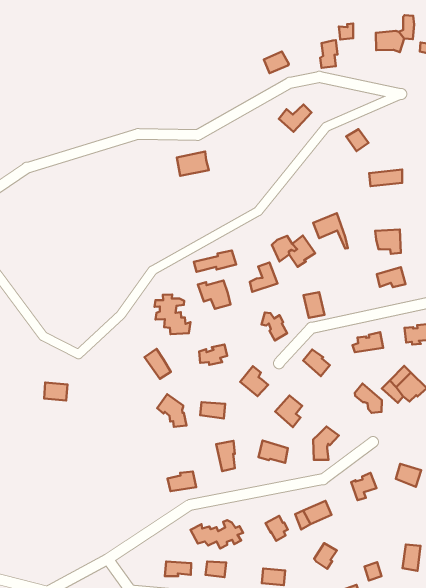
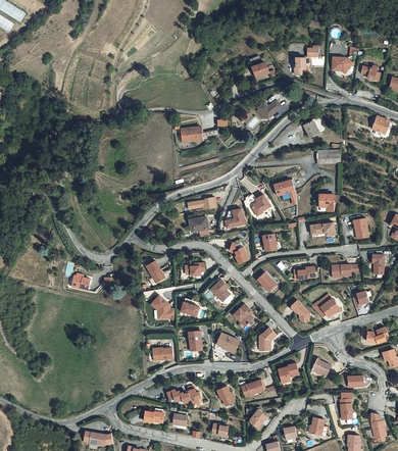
building: [154,294,190,334] -> none

